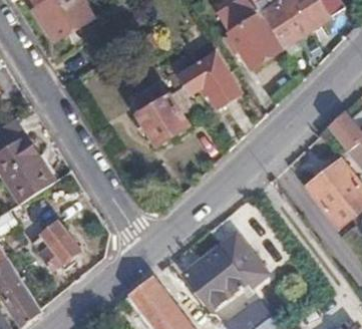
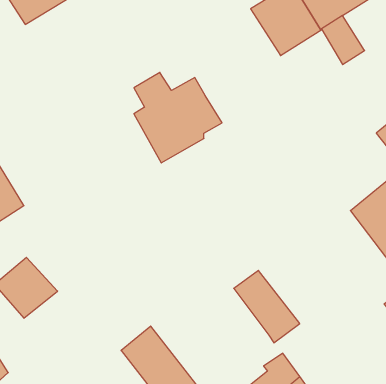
building: [177,51,243,110] -> none
building: [182,246,242,307] -> none

